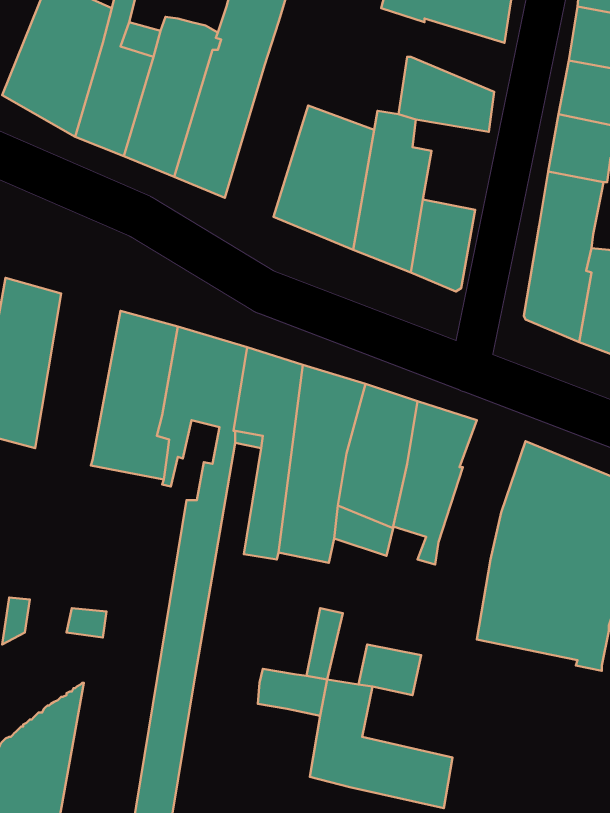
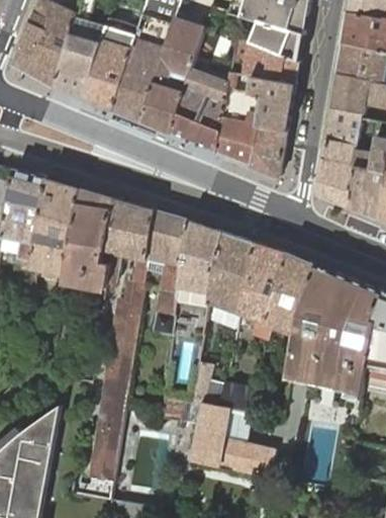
building: none -> [141,18,203,135]
building: none -> [250,19,304,62]
building: none -> [251,78,295,131]
building: none -> [31,179,81,276]
building: none -> [264,253,316,339]

